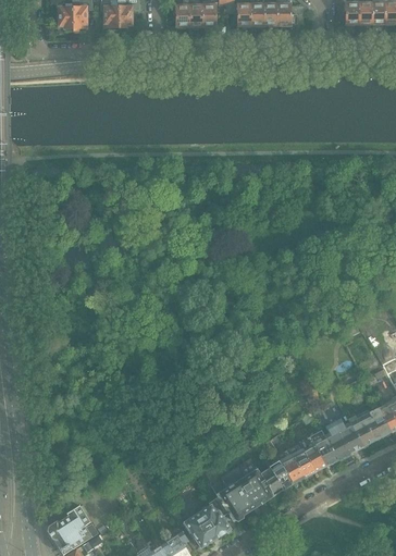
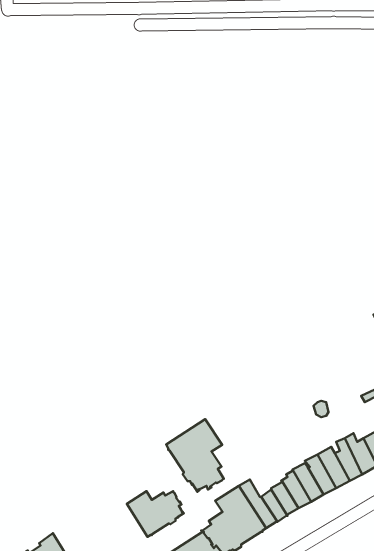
building: none -> [166,419,224,492]
building: none -> [127,491,184,537]

